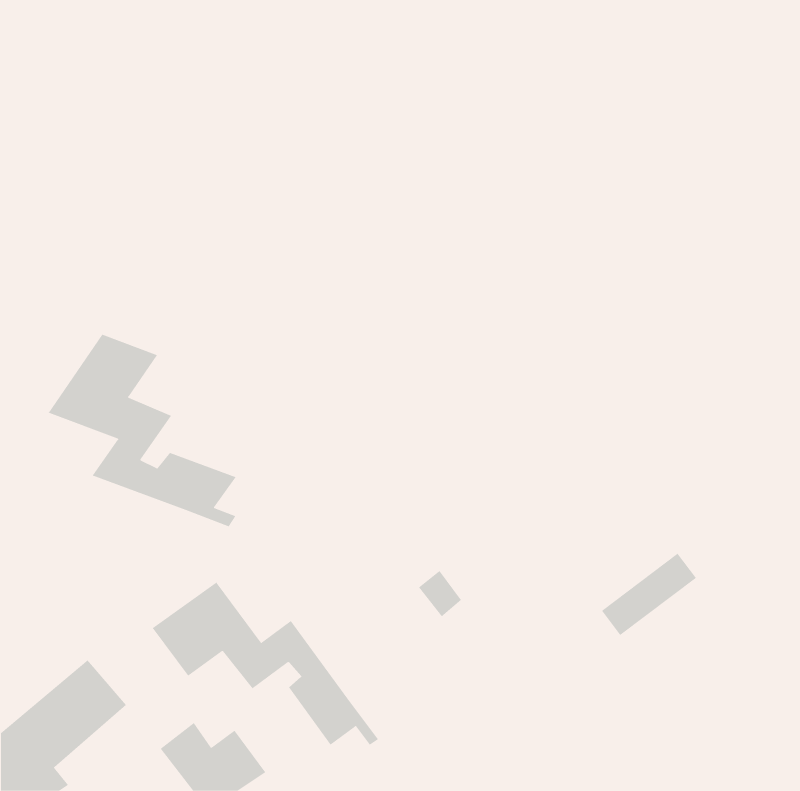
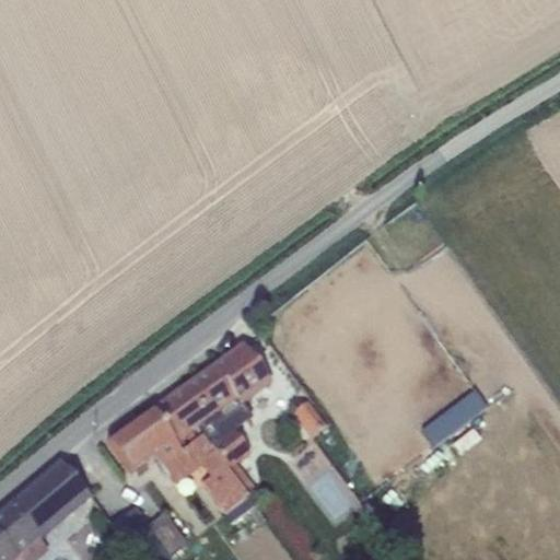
building: [47,334,236,527] -> none
building: none -> [152,341,271,490]

